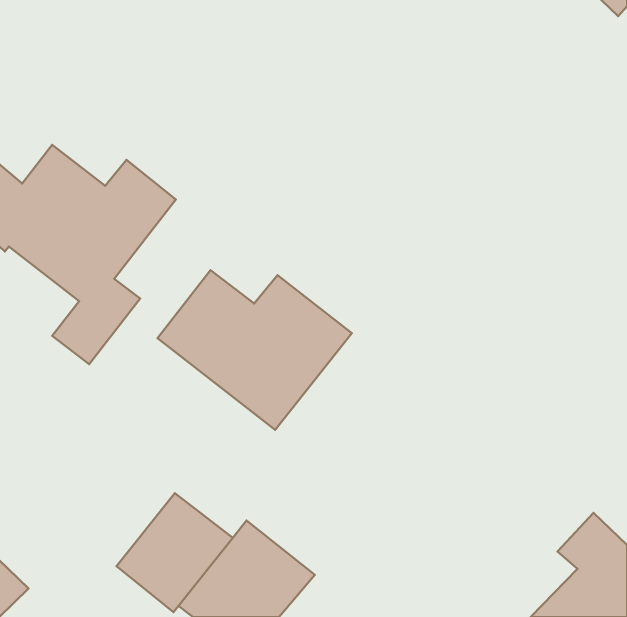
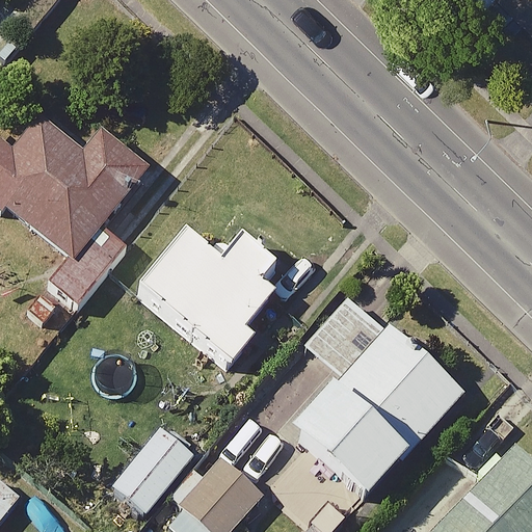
building: none -> [293,294,467,507]

